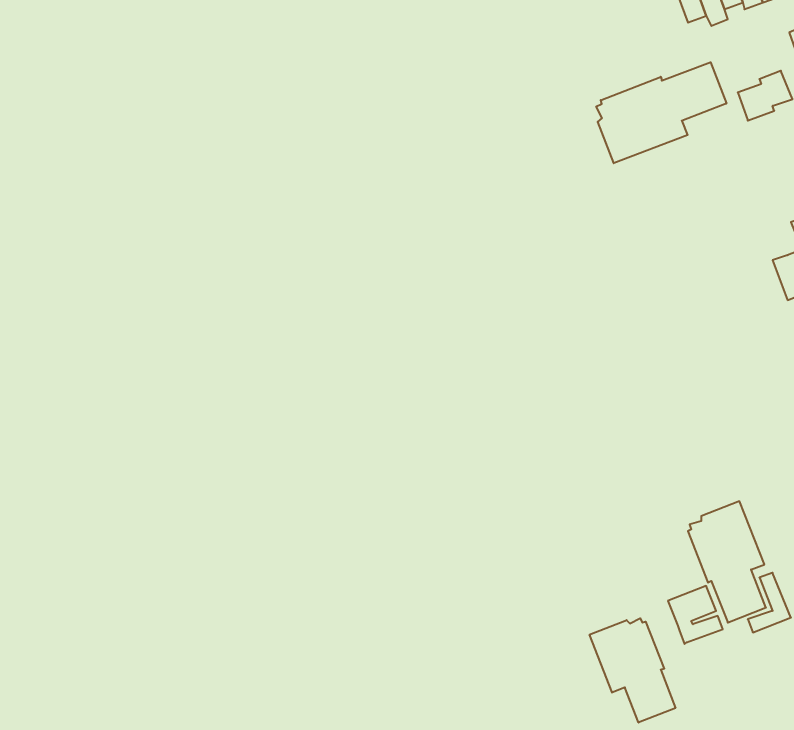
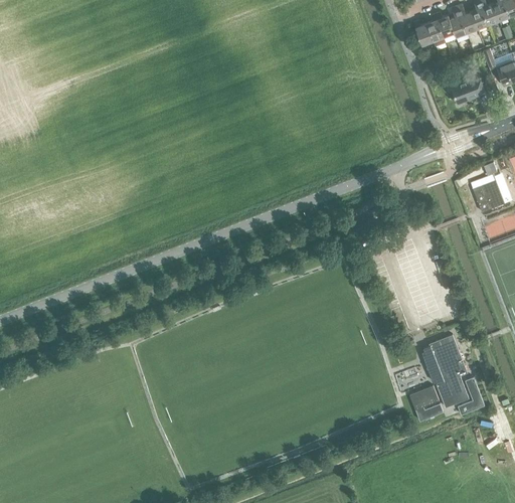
building: [596,62,726,163] -> none
building: [590,618,675,723] -> none

